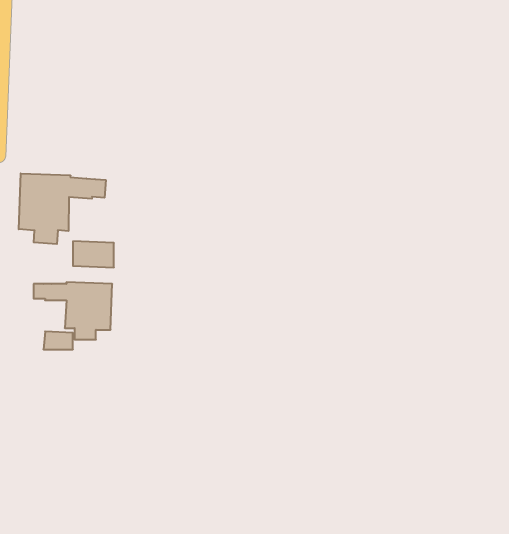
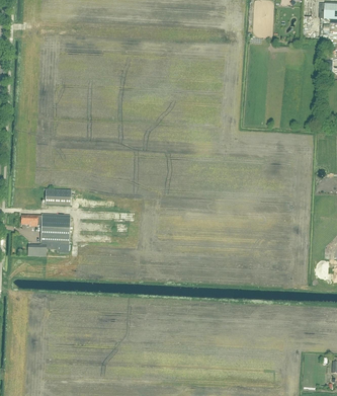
building: [19,173,106,244] -> none

